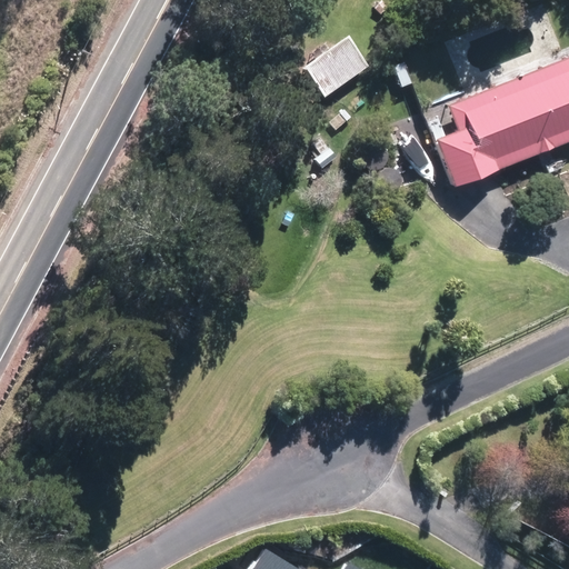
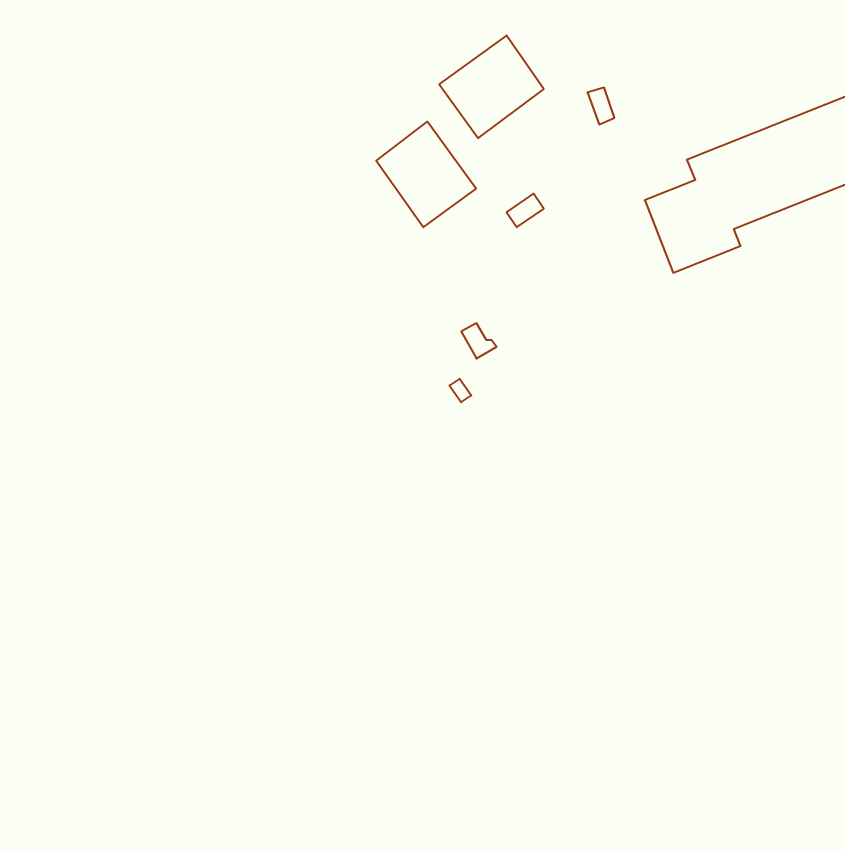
building: none -> [376,122,476,227]

